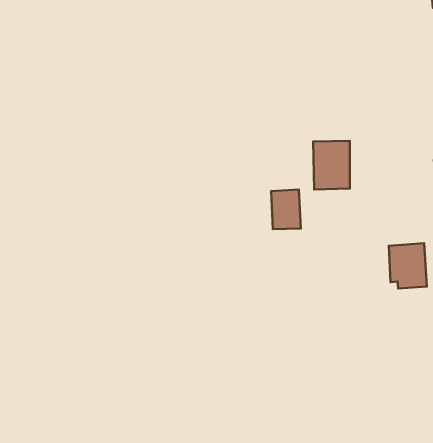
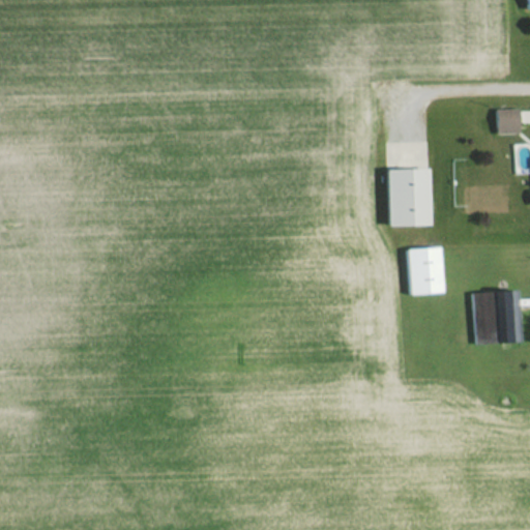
building: none -> [498,109,524,134]
building: [271,189,301,229] -> [408,246,443,294]

